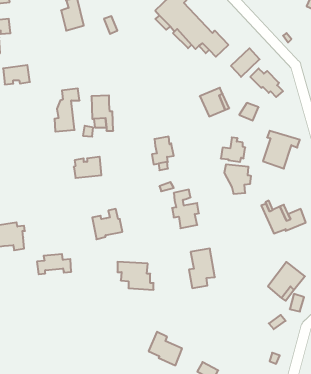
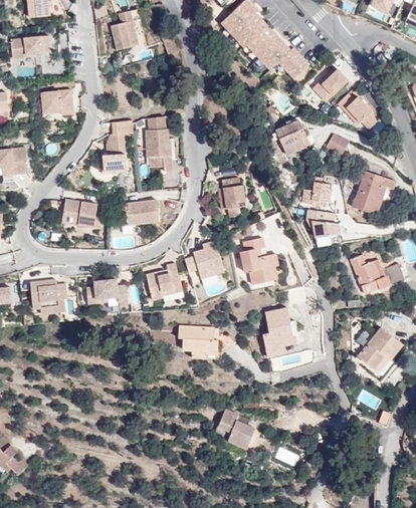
building: none -> [62,200,96,226]
building: none -> [186,240,225,278]
building: [37,254,71,274] -> [87,277,129,301]

